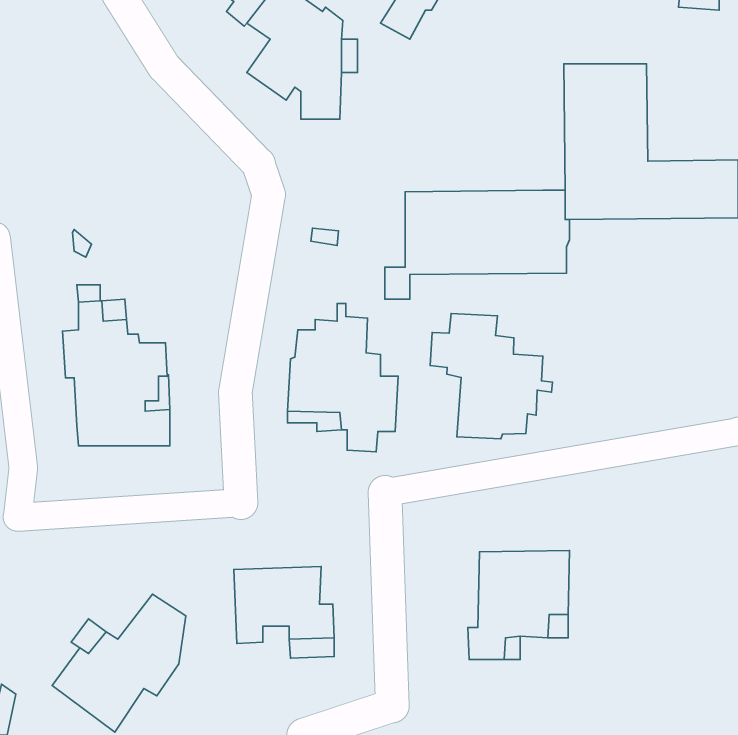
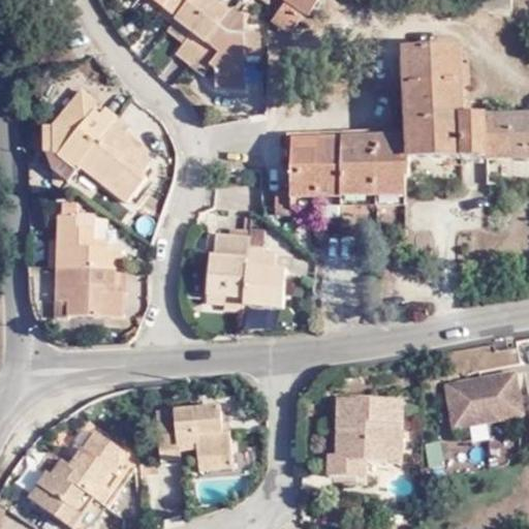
building: none -> [46,87,152,199]
building: [430,313,553,439] -> none
building: none -> [441,375,521,433]

